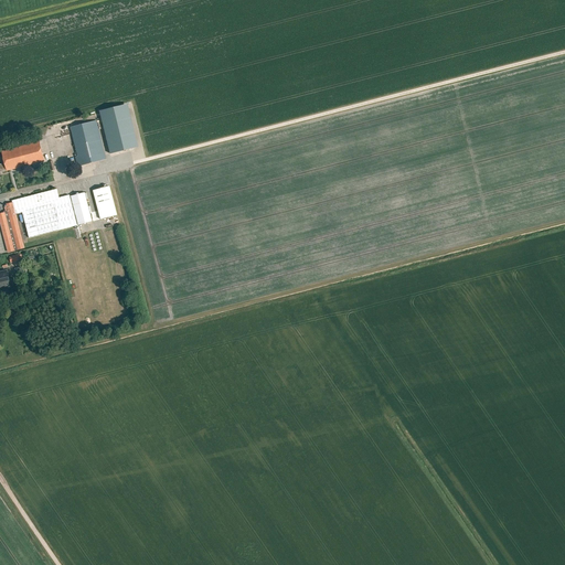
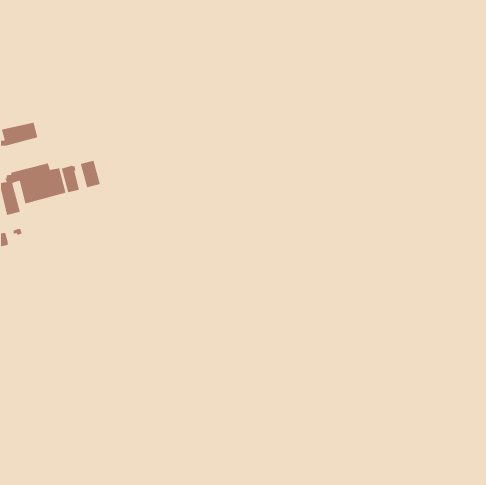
building: [99,105,131,152] -> none
building: [71,119,106,166] -> none

